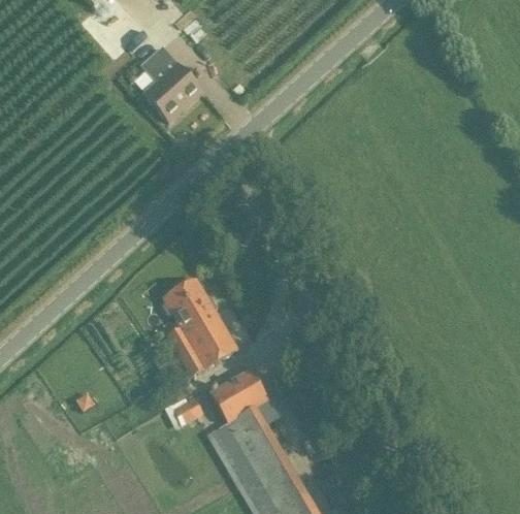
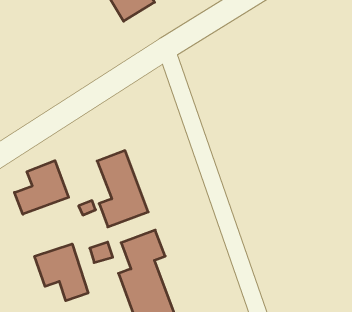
building: none -> [14,161,69,214]
building: none -> [35,244,88,301]

